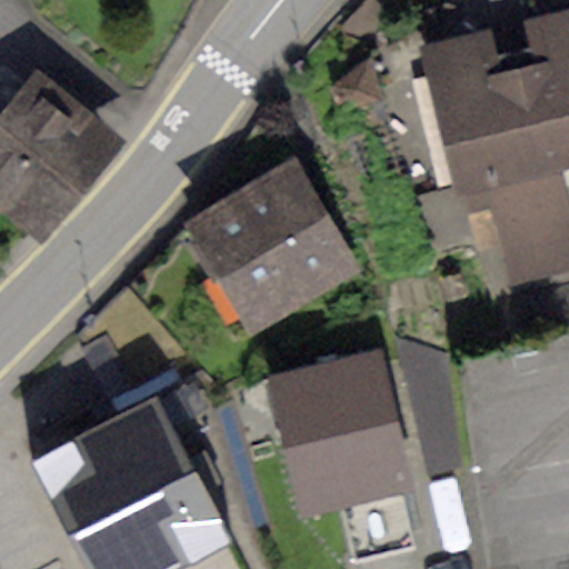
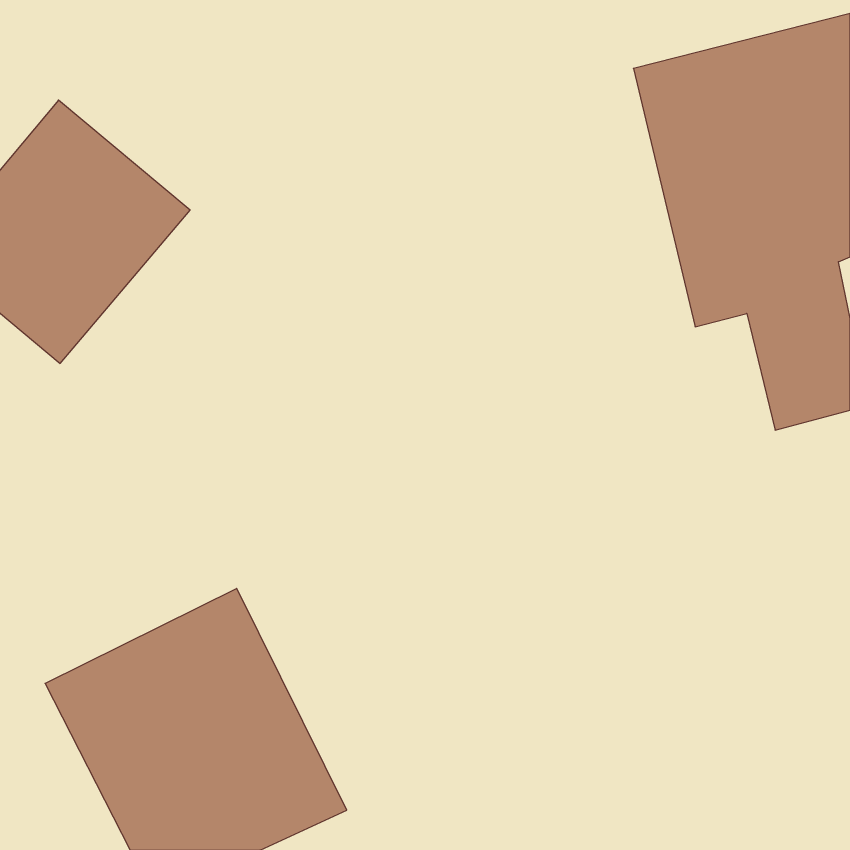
building: [198,188,350,333] -> none
building: [273,379,416,517] -> none

